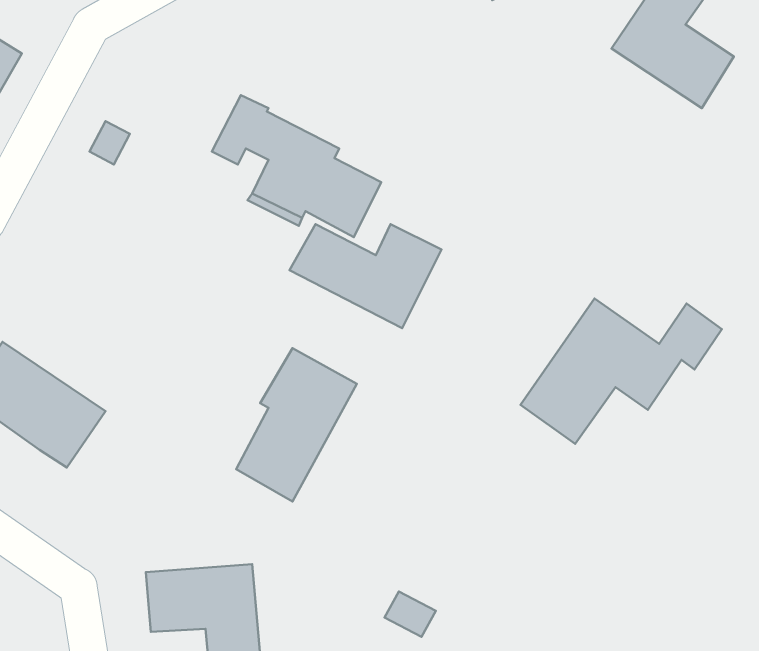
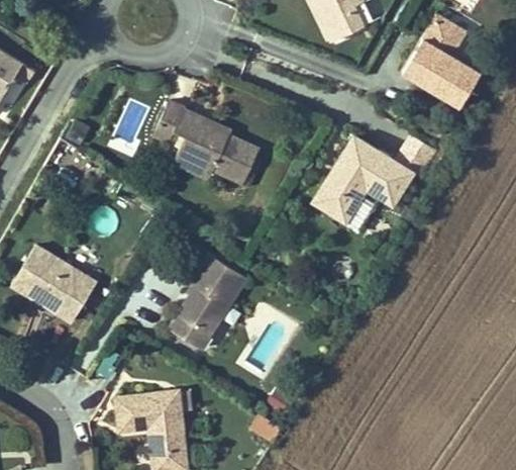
building: [290,224,441,328] -> none
building: [520,299,722,444] -> [318,139,444,230]

